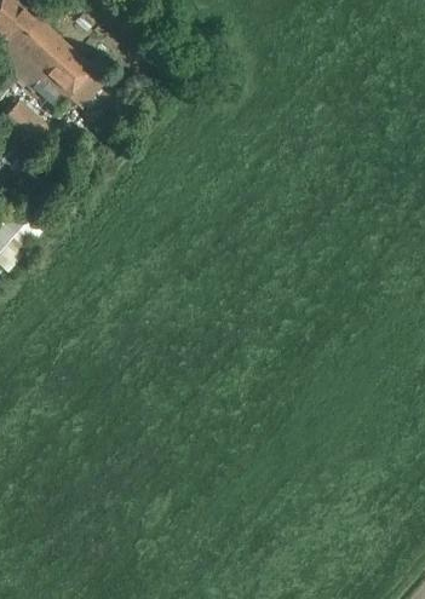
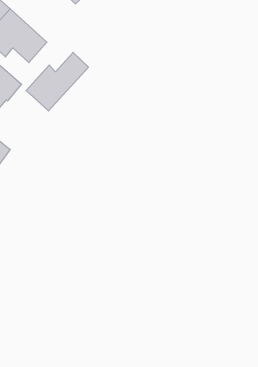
building: none -> [26,52,88,111]

